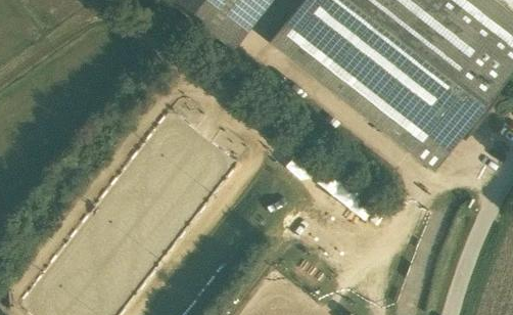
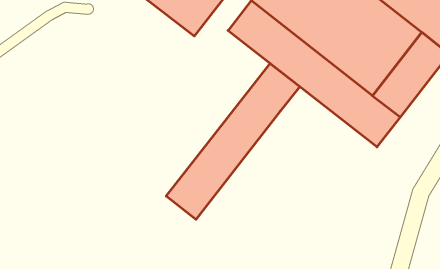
building: none -> [166,63,300,219]

